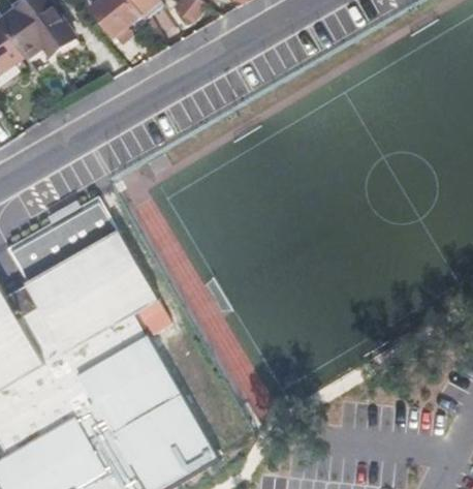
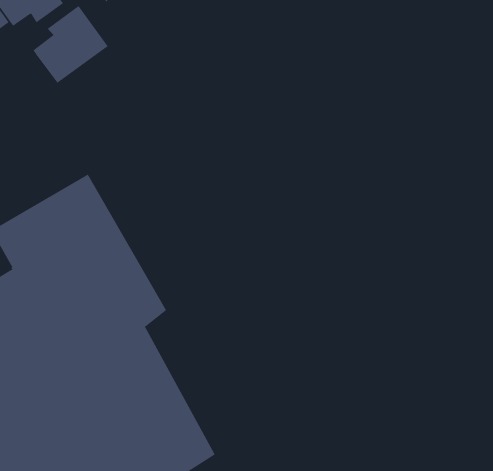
building: none -> [33,5,108,84]

